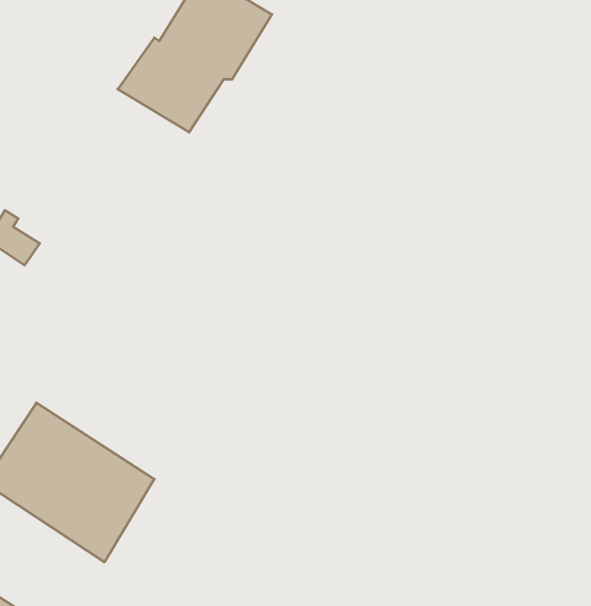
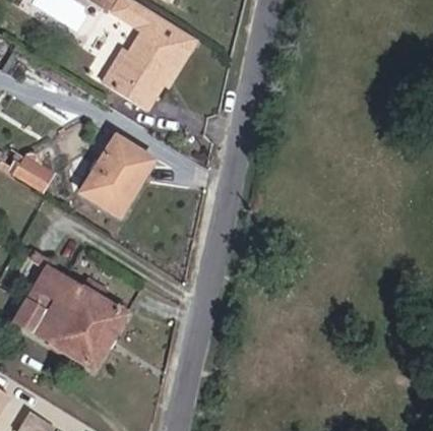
building: none -> [75,140,143,213]

